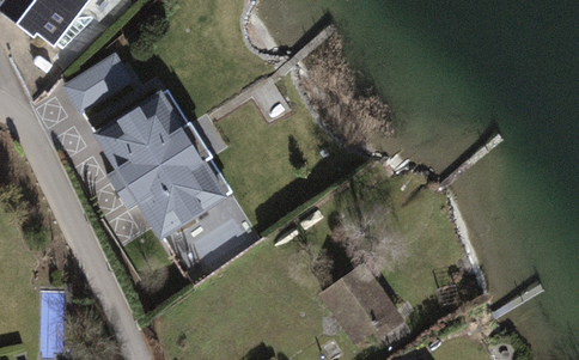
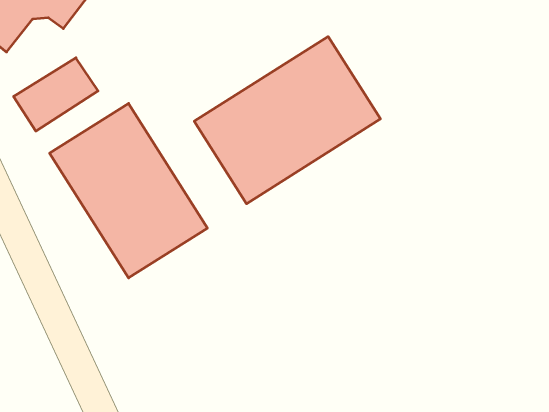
building: none -> [194,37,380,204]
building: [319,263,406,347] -> none

